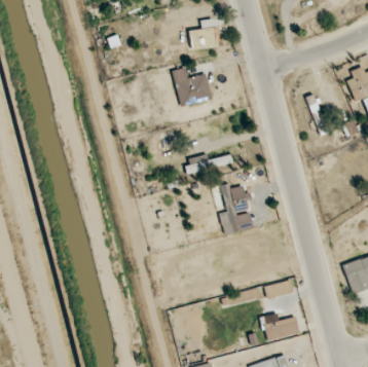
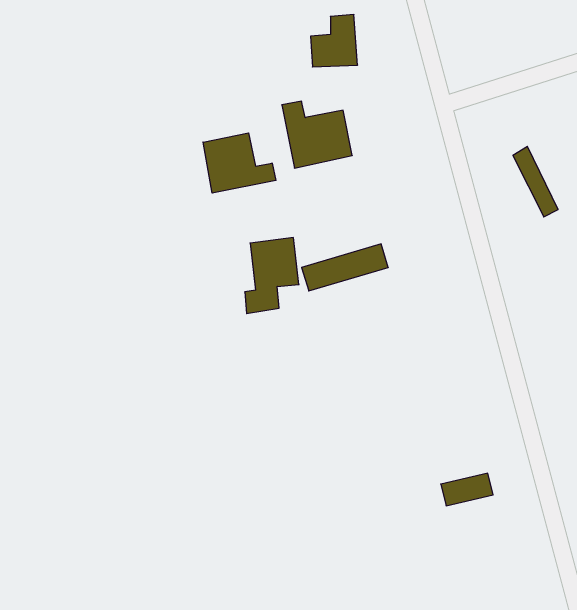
building: none -> [203,133,276,193]
building: [220,182,251,225] -> [245,238,299,314]
building: [263,316,300,340] -> none

